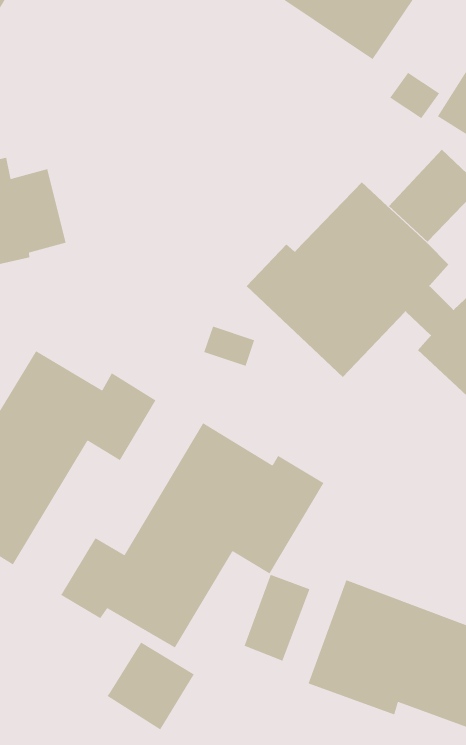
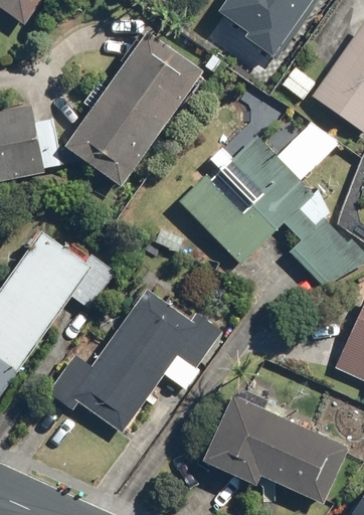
building: none -> [67,31,202,184]
building: [244,574,310,662] -> none
building: [107,642,195,730] -> none

